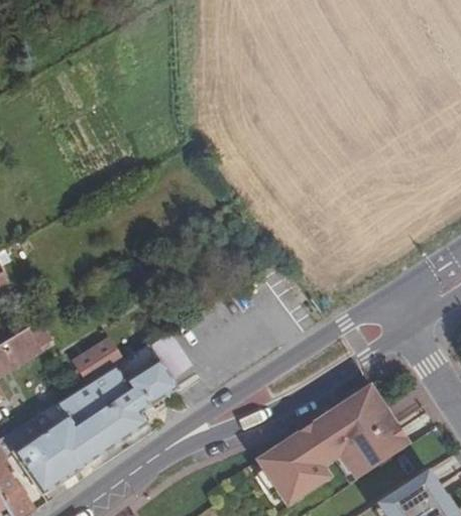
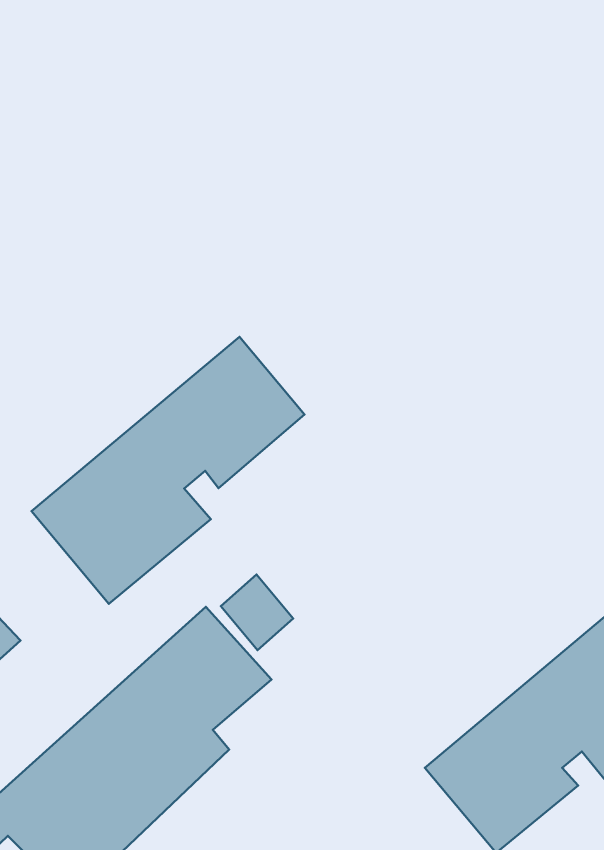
building: none -> [31,337,305,604]
building: [74,337,124,382] -> none

